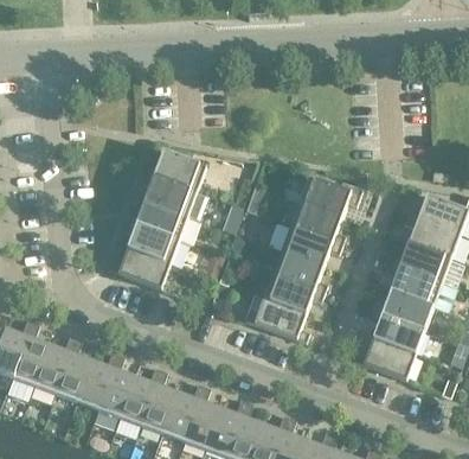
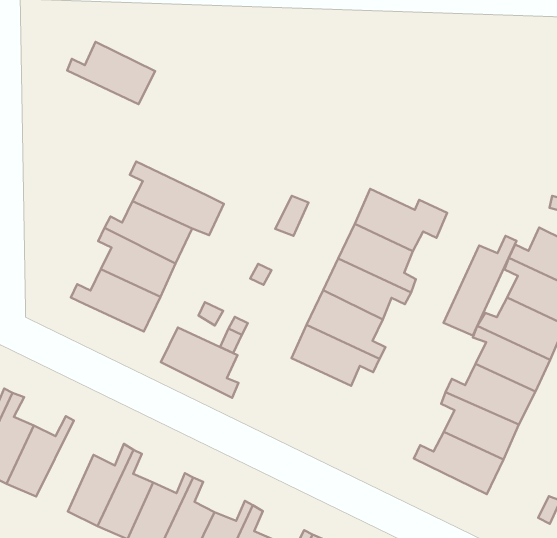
building: [143,151,204,191] -> [67,42,155,104]
building: none -> [443,236,517,335]
building: [252,298,307,343] -> [161,327,239,398]
building: [95,353,131,416] -> none

